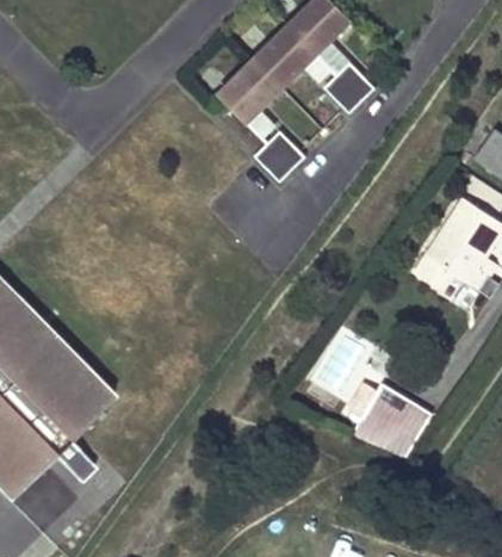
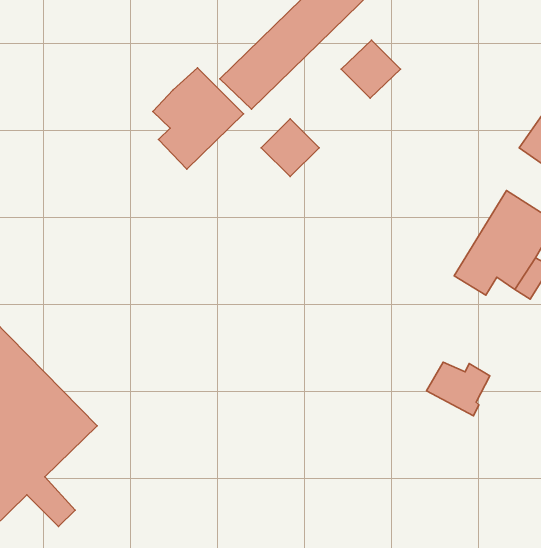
building: none -> [153,68,244,169]
building: [362,391,417,438] -> [427,362,490,416]

